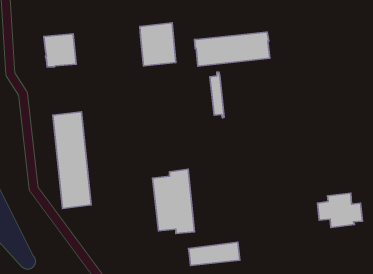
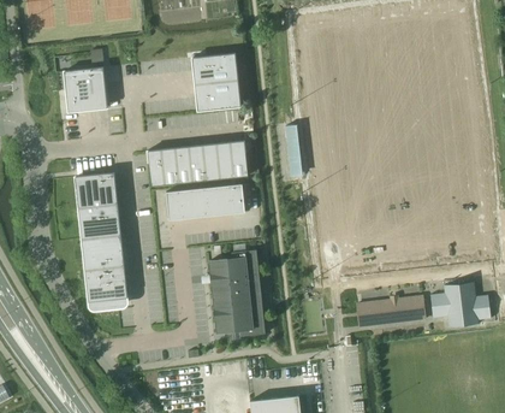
building: [194,32,270,66] -> [145,141,246,187]
building: none -> [165,184,244,220]
building: [189,242,240,265] -> [356,295,424,326]

